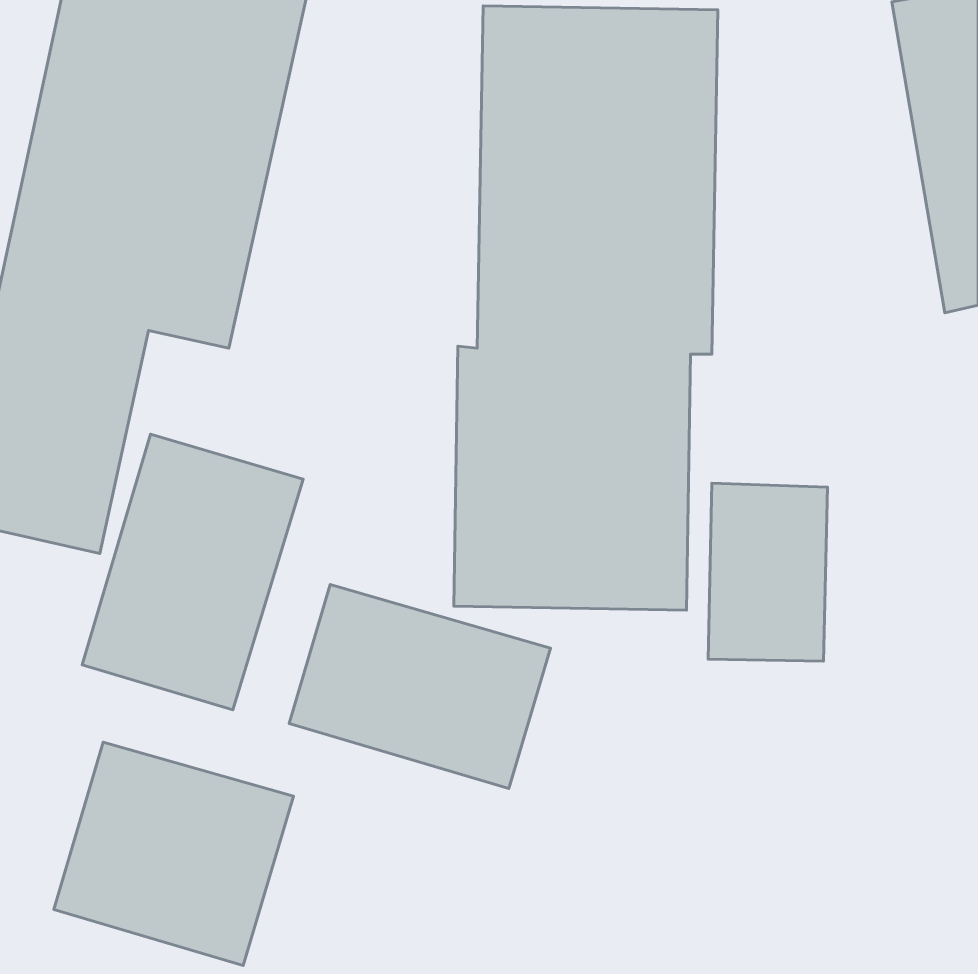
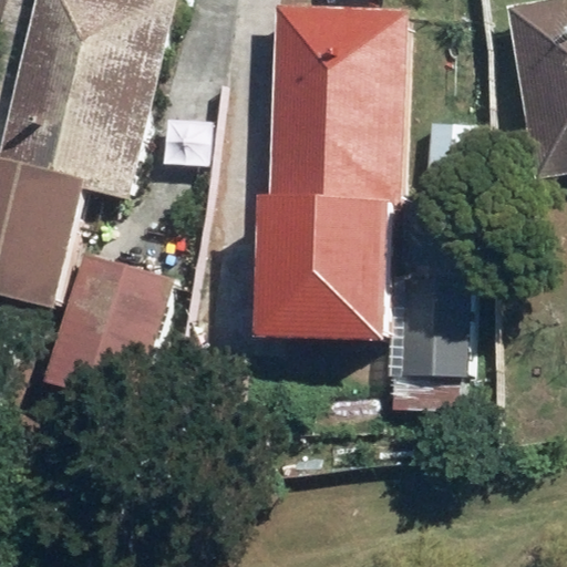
building: [289,584,551,789] -> none
building: [54,742,293,966] -> none

